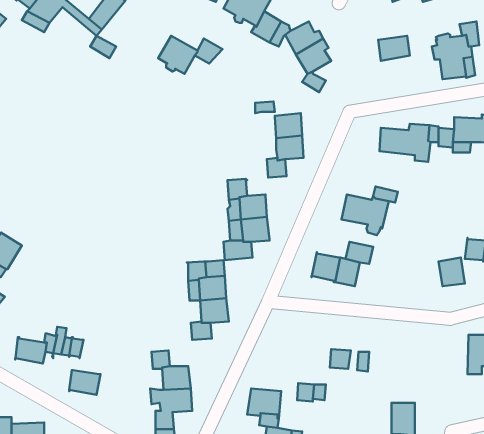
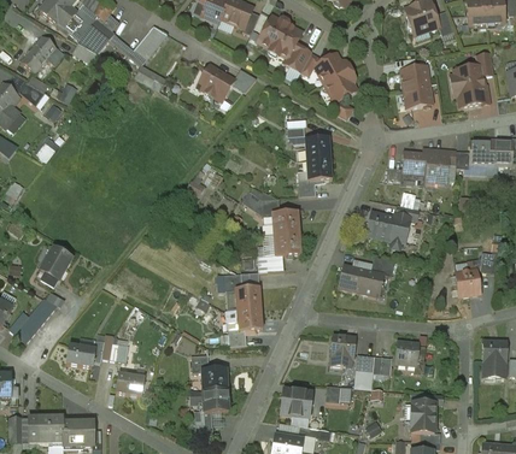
building: none -> [403,83,433,107]
building: none -> [330,332,356,358]
building: none -> [395,340,420,365]

